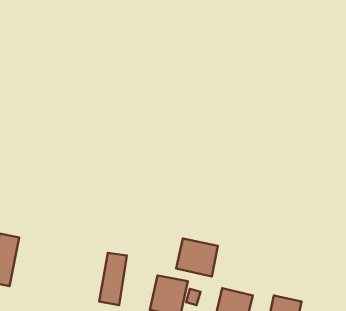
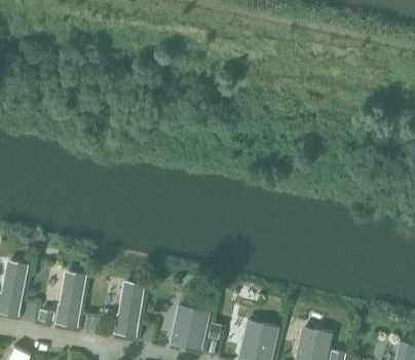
building: [176,238,218,276] -> none
building: none -> [56,271,87,327]

